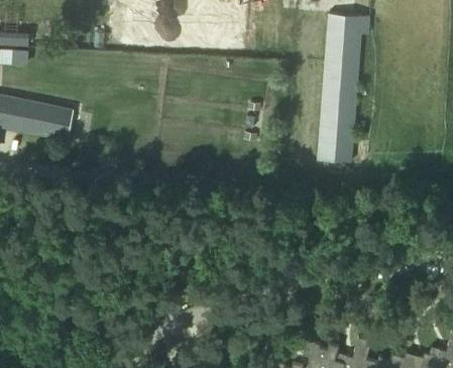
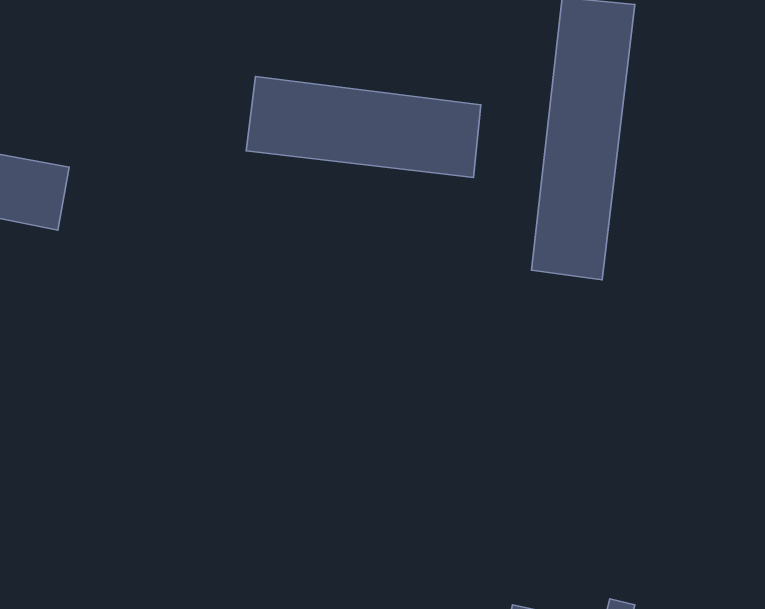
building: none -> [246,76,481,178]

